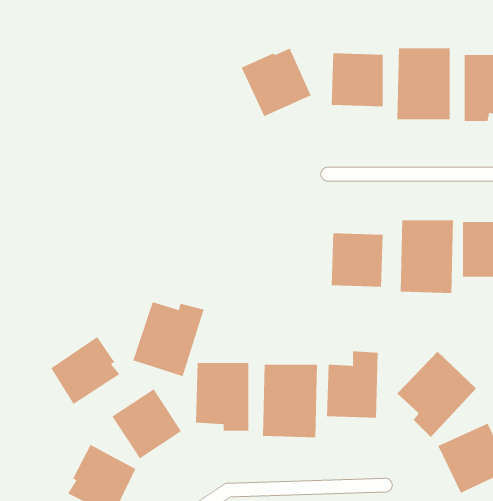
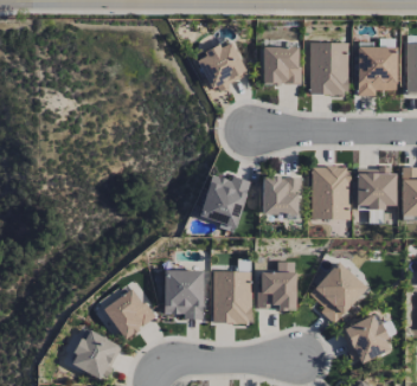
building: [132,301,204,377] -> [198,175,250,230]
building: [50,336,120,405] -> none

